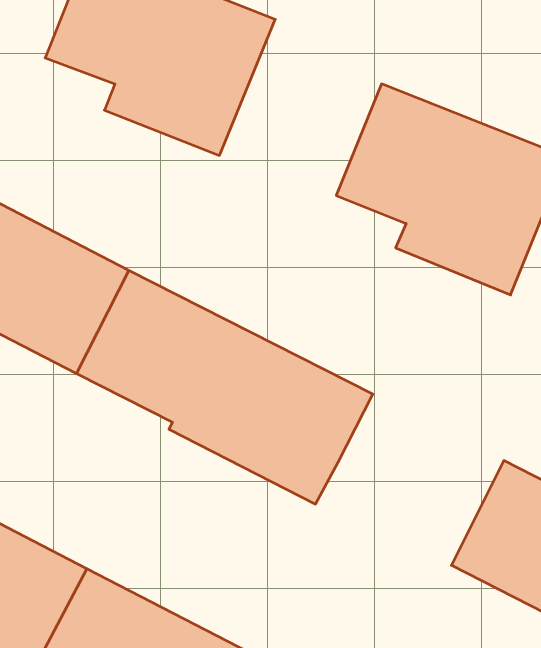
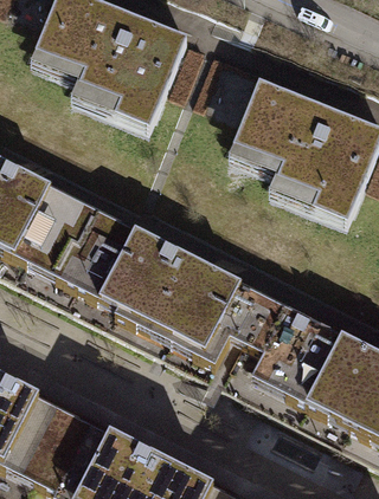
building: none -> [231,289,343,404]

